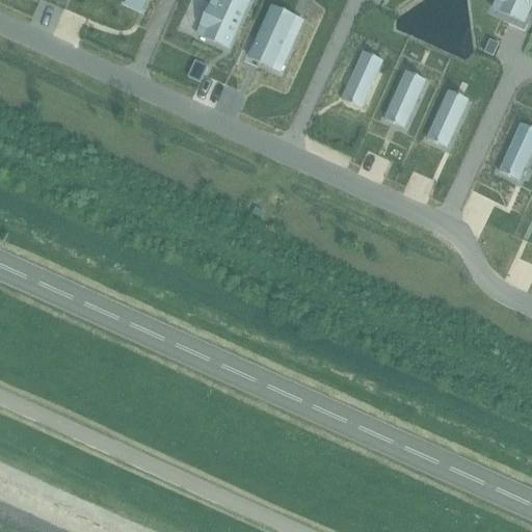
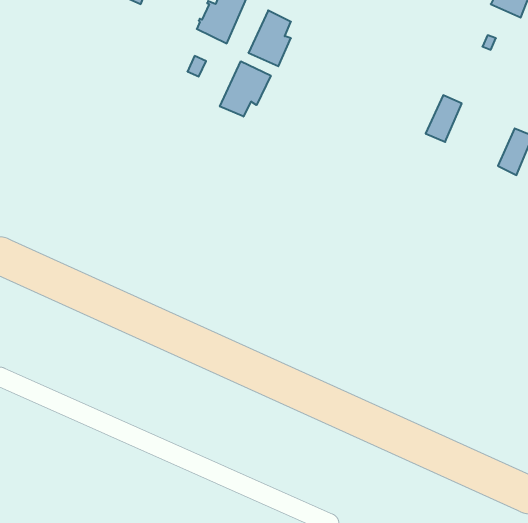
building: [343,57,379,104] -> none
building: none -> [220,61,271,117]
building: [385,76,422,124] -> none

